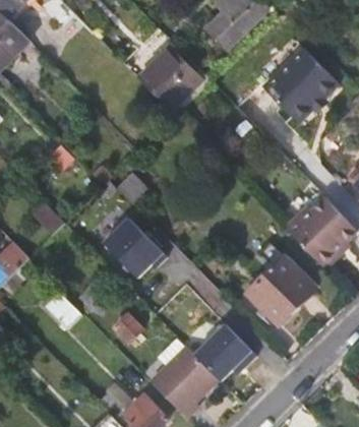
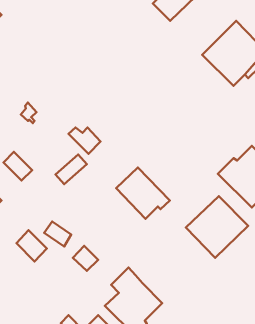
building: [136,46,201,109] -> none
building: [103,219,166,279] -> [116,167,170,219]
building: [194,324,256,381] -> none

